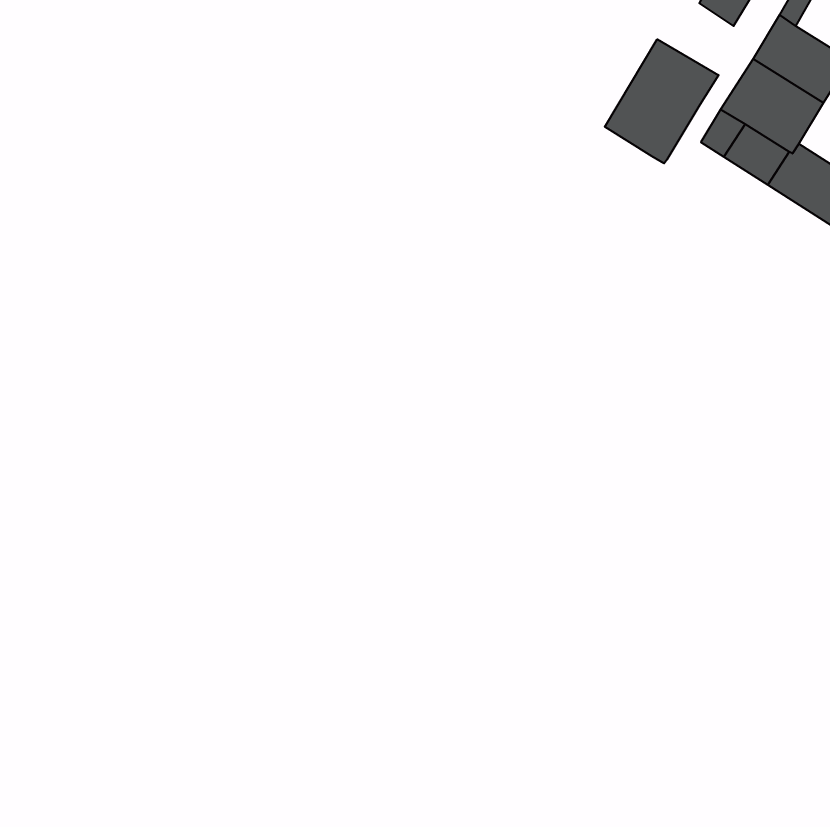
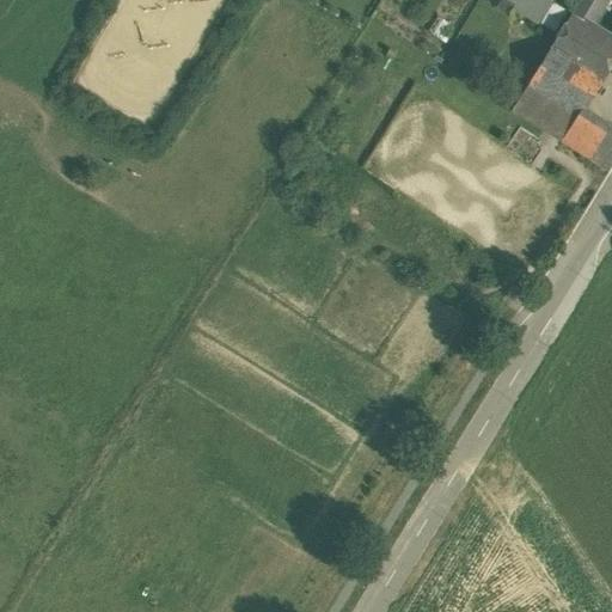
building: [605,39,719,163] -> none

